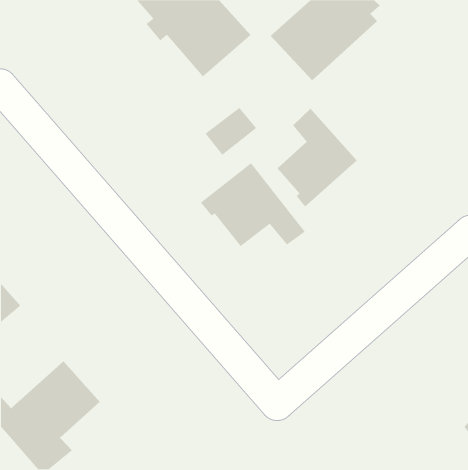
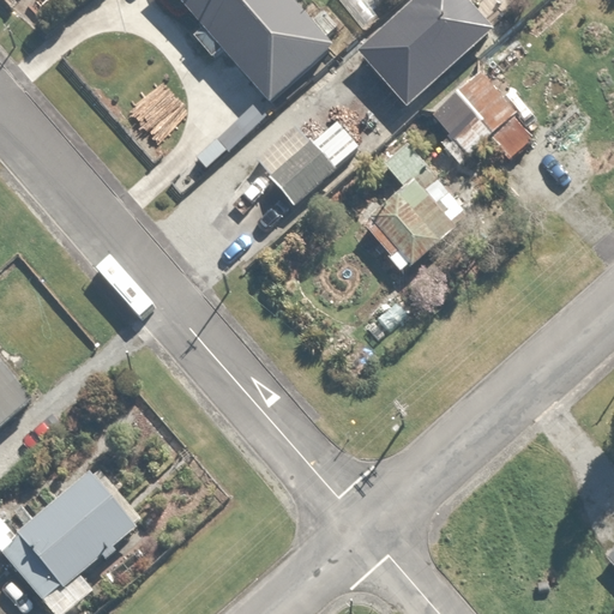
building: none -> [439,72,517,163]
building: [200,162,306,247] -> none

